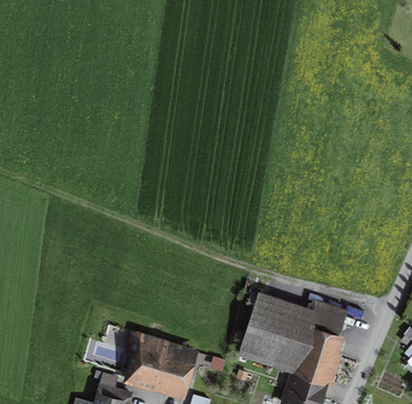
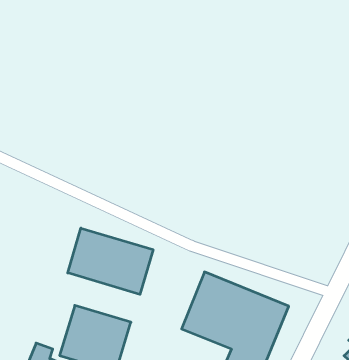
building: none -> [68,228,153,294]

